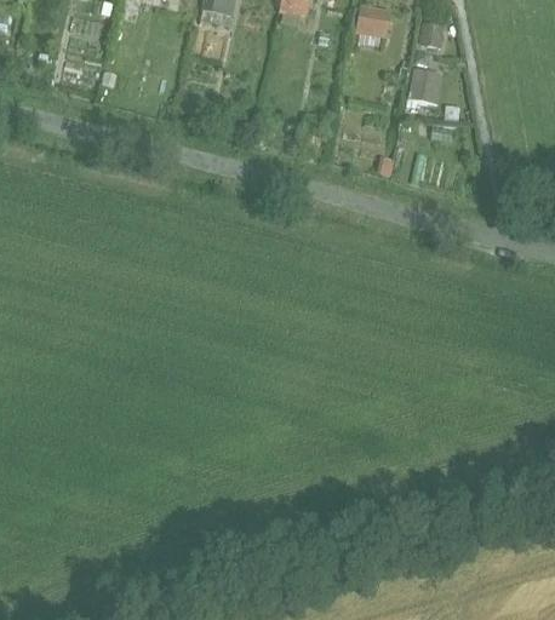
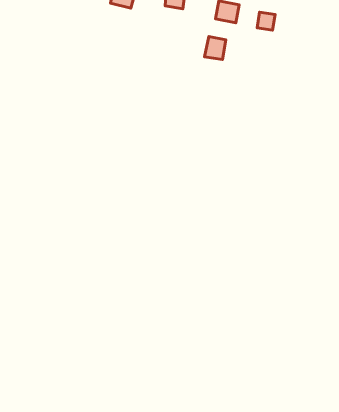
building: [408,69,440,103] -> [205,37,226,59]

